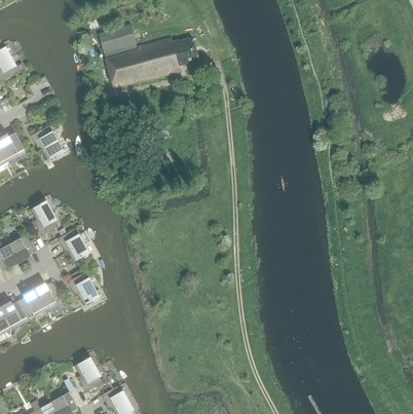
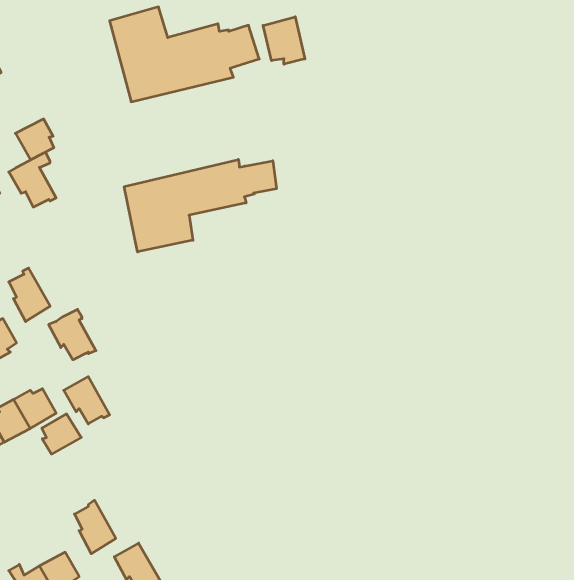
building: none -> [263,17,305,64]
building: none -> [15,119,54,160]
building: none -> [124,159,276,252]
building: none -> [42,414,81,454]

